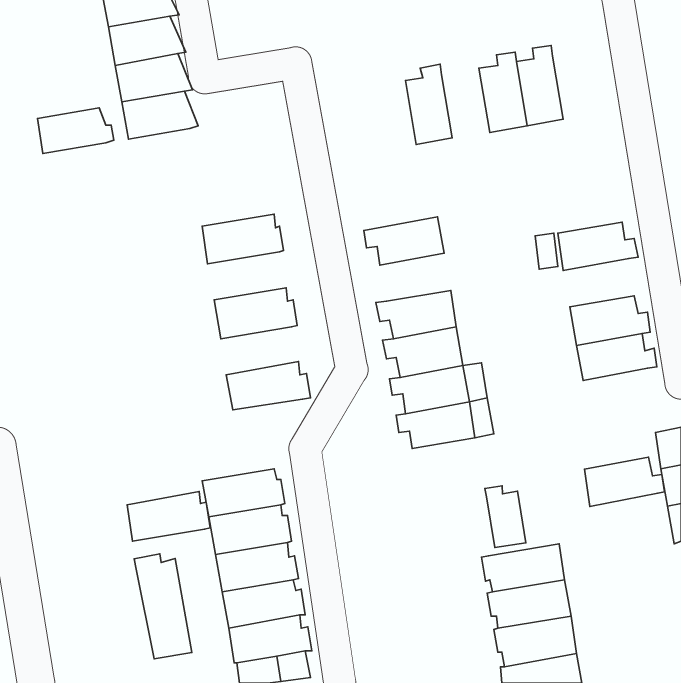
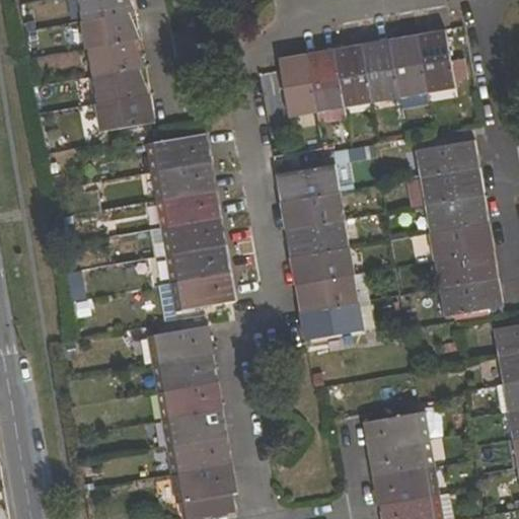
building: none -> [419,29,454,90]
building: none -> [335,44,371,104]
building: none -> [279,54,315,114]
building: [38,108,114,153] -> [97,97,155,132]
building: none -> [148,135,211,171]
building: none -> [418,140,478,176]
building: none -> [157,191,220,227]
building: none -> [281,192,342,228]
building: none -> [427,196,488,232]
building: none -> [167,247,230,284]
building: [584,457,665,507] -> [442,279,503,316]
building: [485,486,526,548] -> none
building: [127,492,210,541] -> [149,326,212,364]
building: [134,554,192,659] -> none

